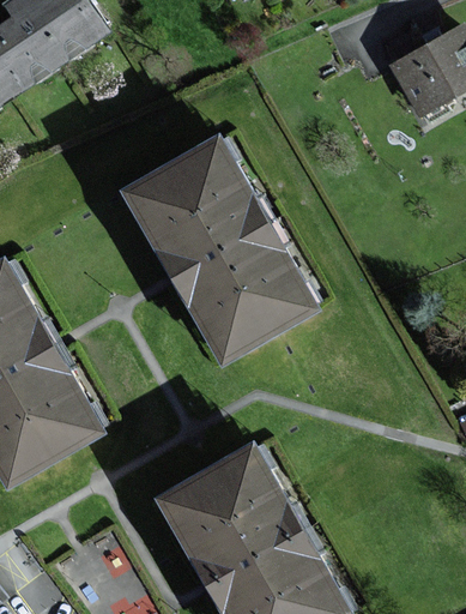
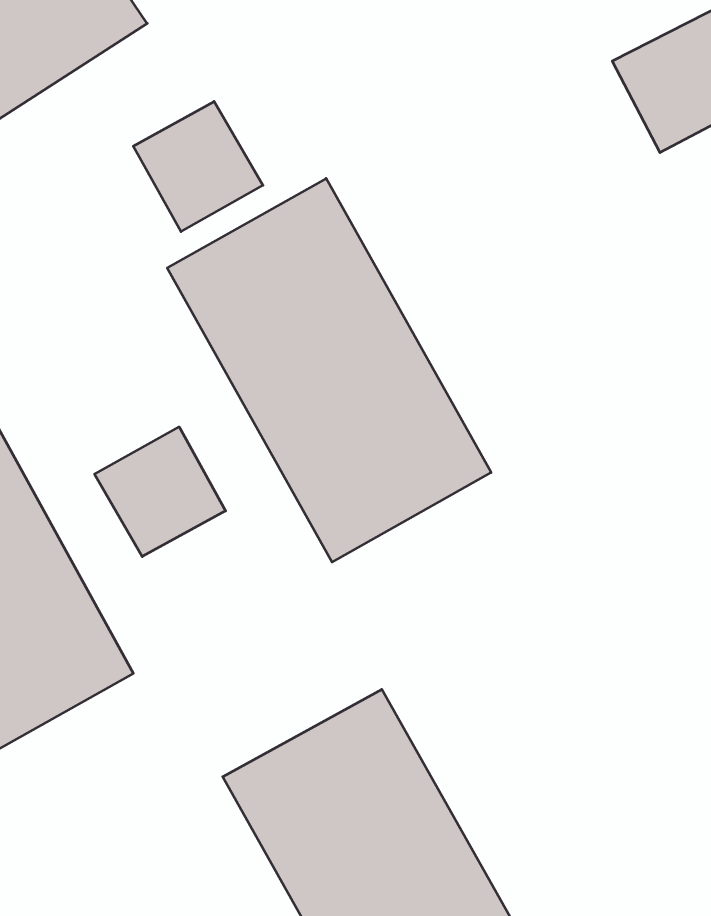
building: none -> [133,101,263,232]
building: none -> [95,427,226,557]

